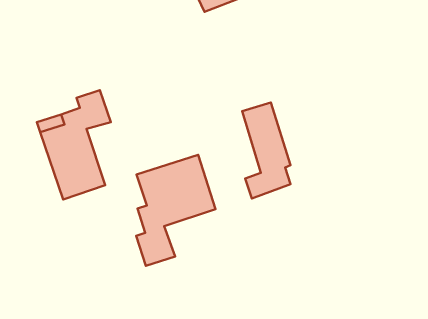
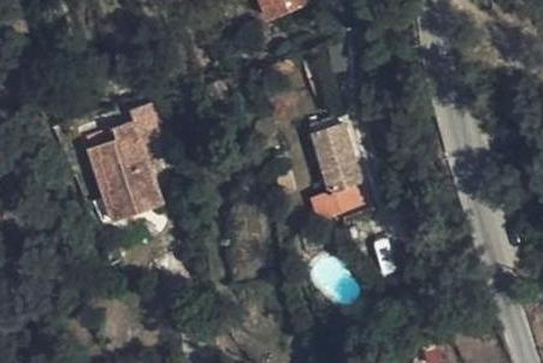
building: [136,155,215,266] -> none

